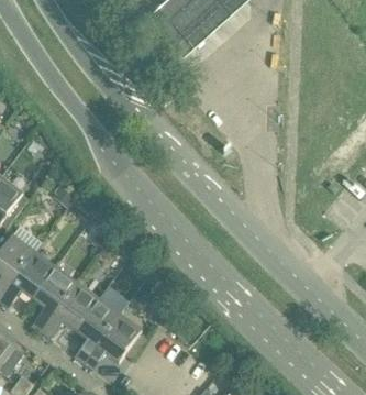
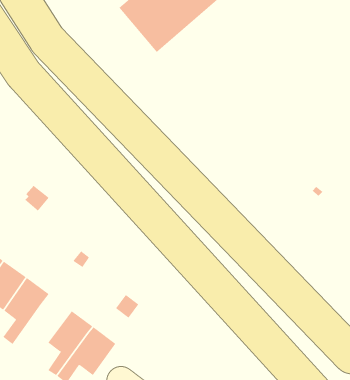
building: [42,283,98,338] -> none

